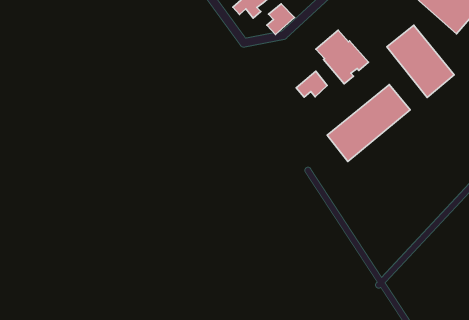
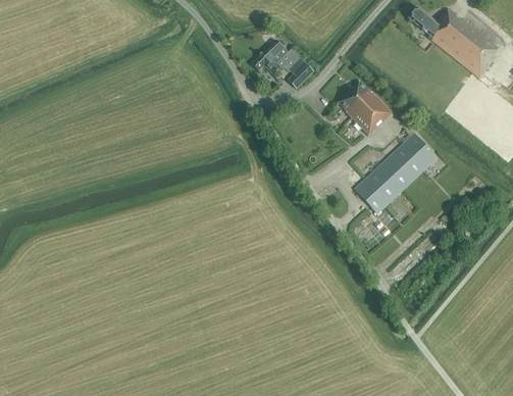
building: [387,25,454,97] -> none
building: [296,71,327,97] -> none

